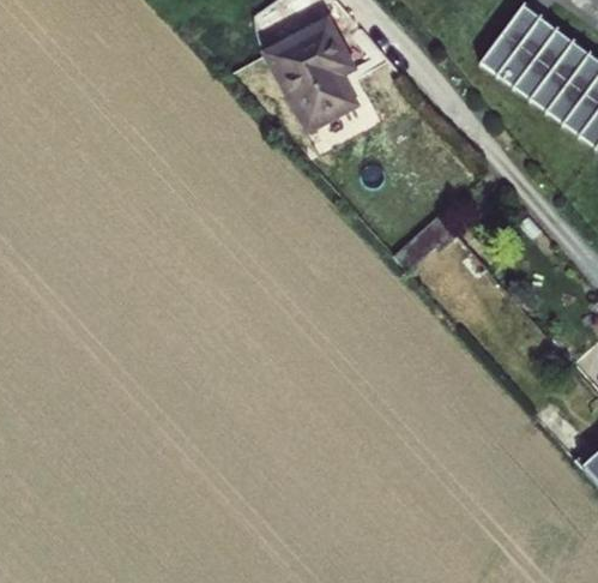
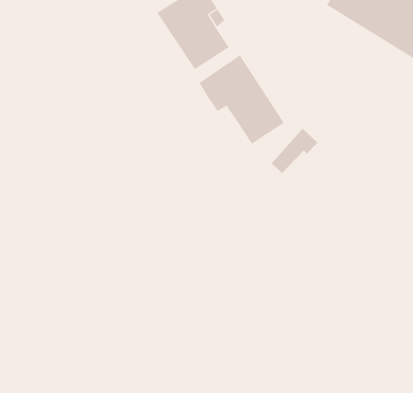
building: none -> [199,54,284,145]

